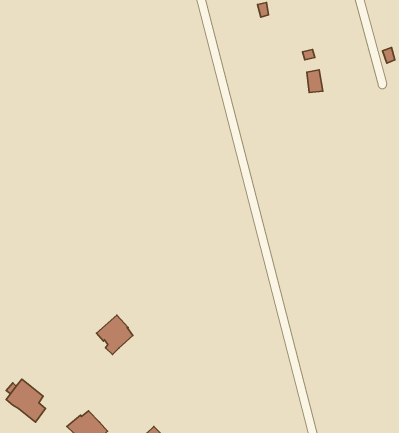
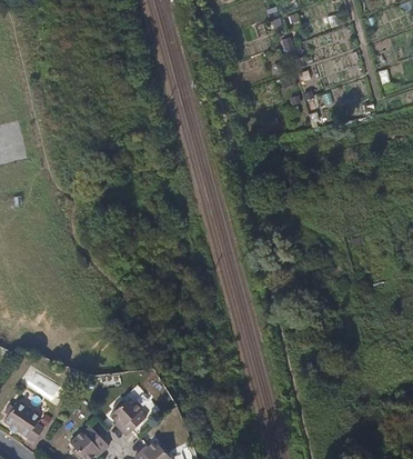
building: [97,315,133,355] -> [109,398,144,437]

